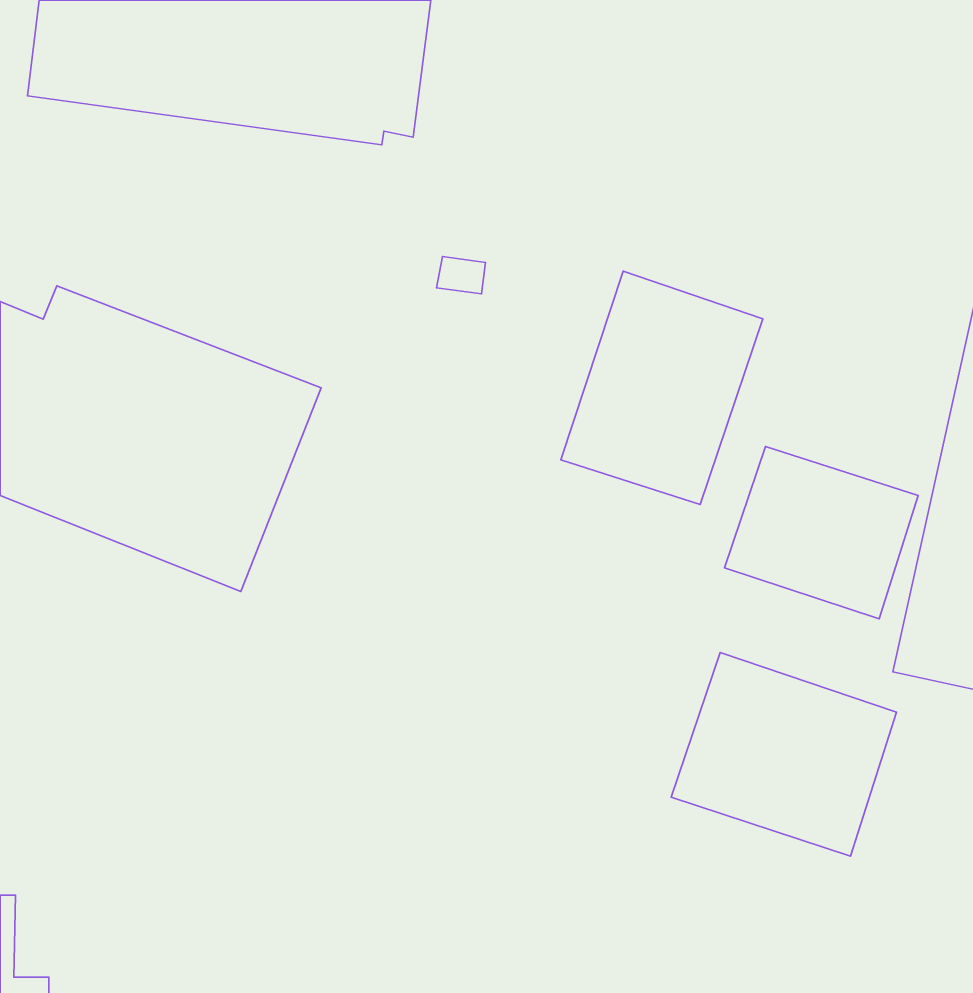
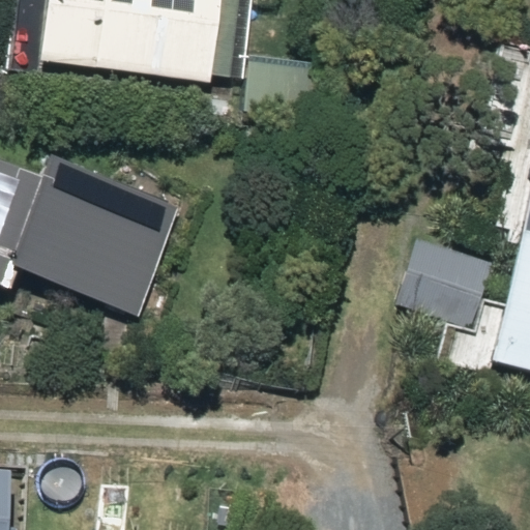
building: [561,271,763,504] -> none
building: [671,653,897,856] -> none

